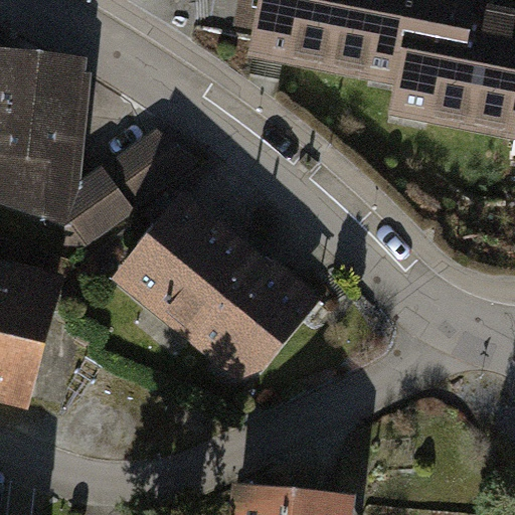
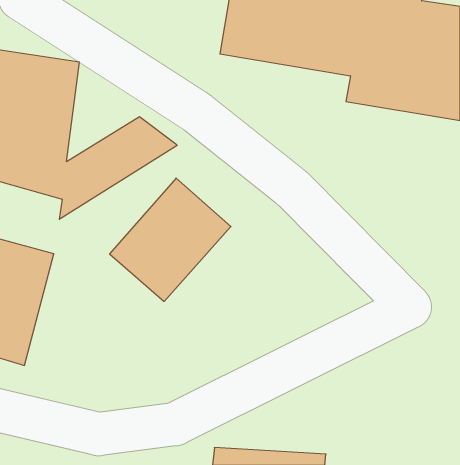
building: [181,249,314,384] -> none

